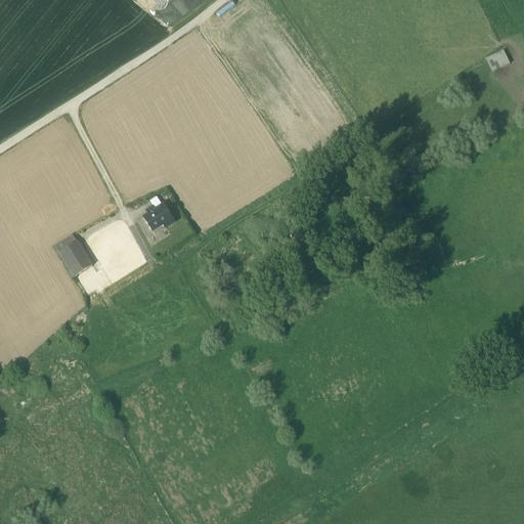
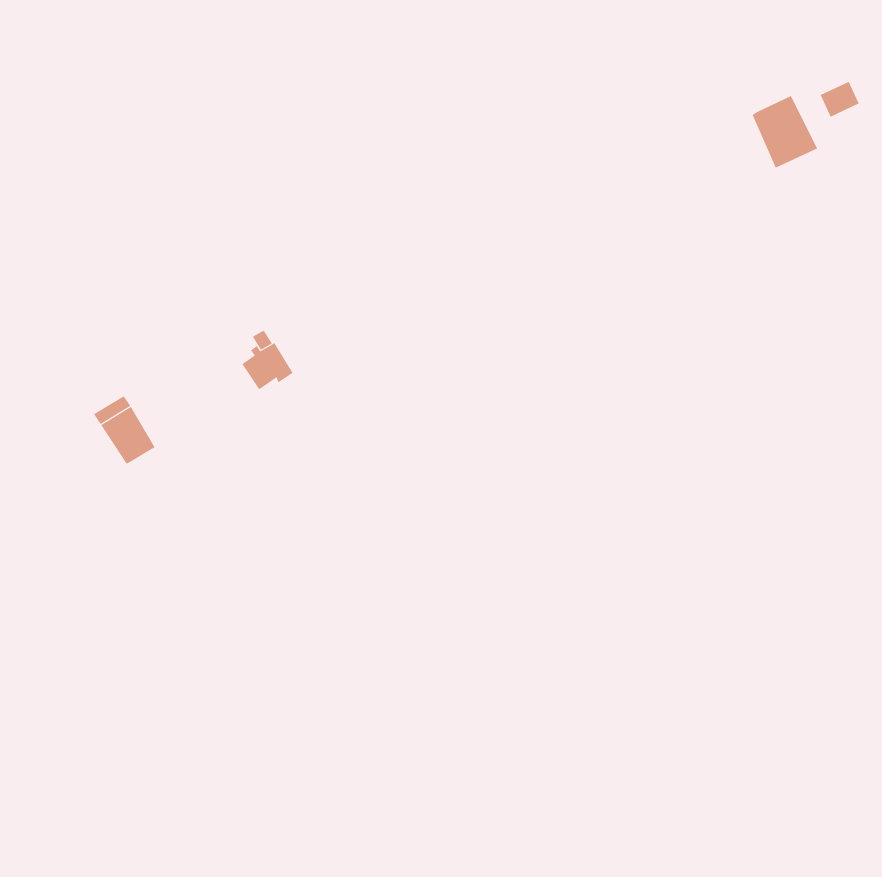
building: none -> [752,95,818,169]

